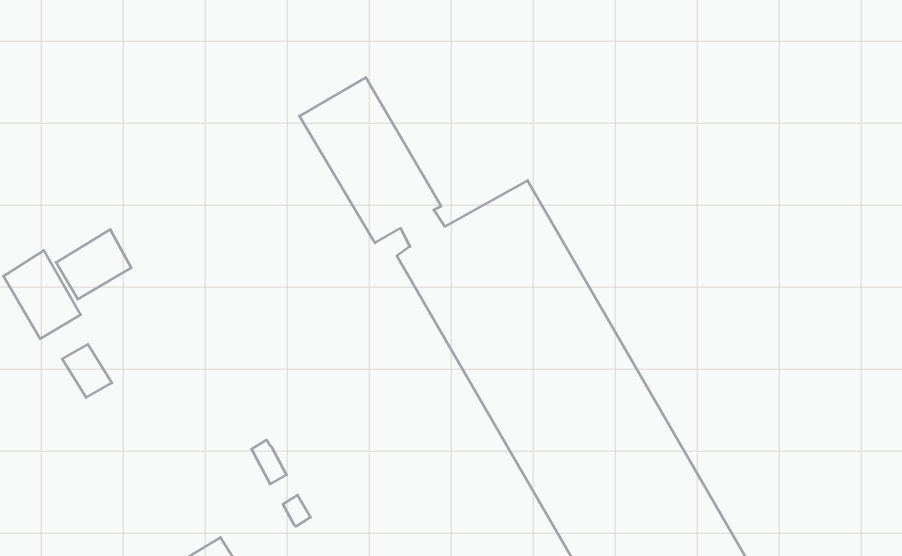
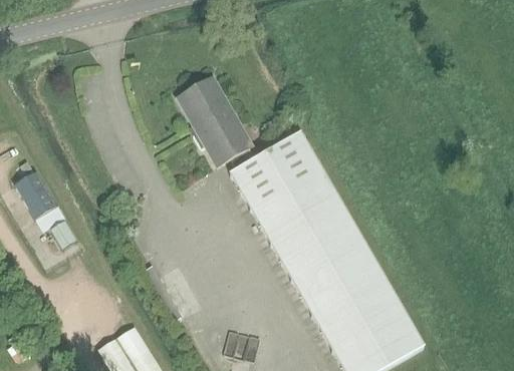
building: [56,229,131,299] -> none

